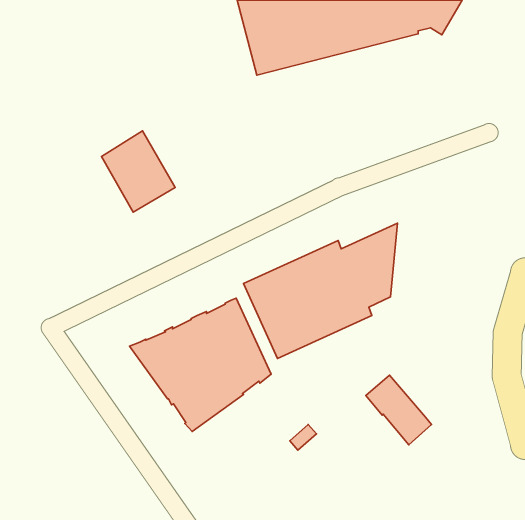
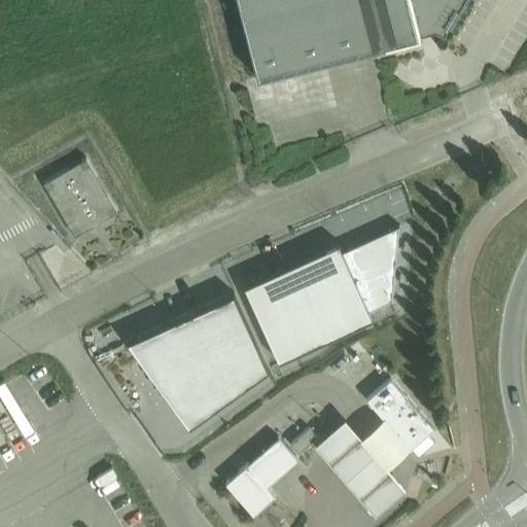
building: [101,131,175,212] -> [42,157,116,239]
building: none -> [316,415,410,513]
building: none -> [225,440,297,518]

